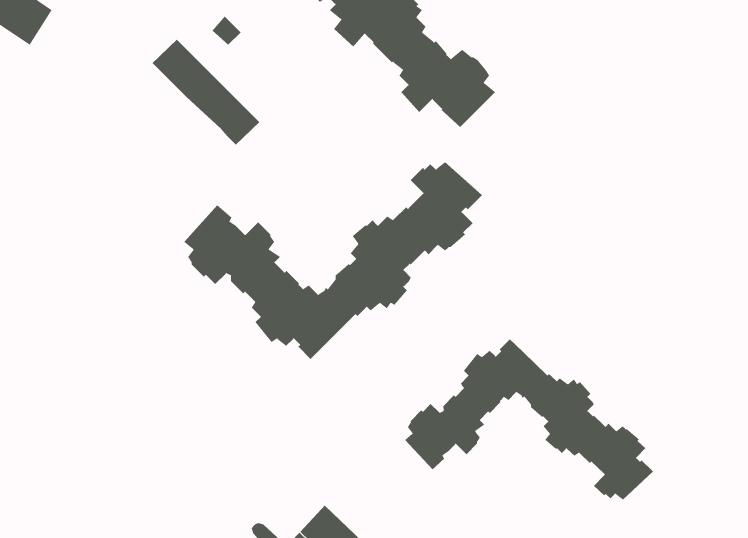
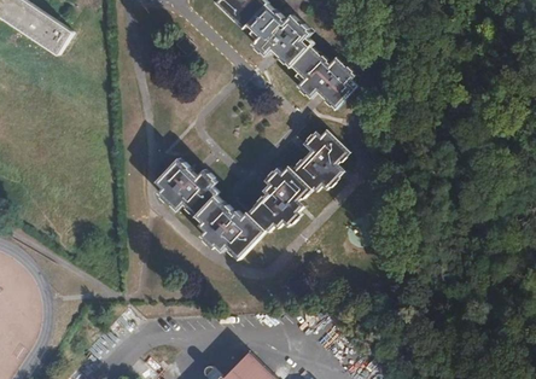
building: [151,39,260,145] -> none
building: [404,338,654,500] -> none

